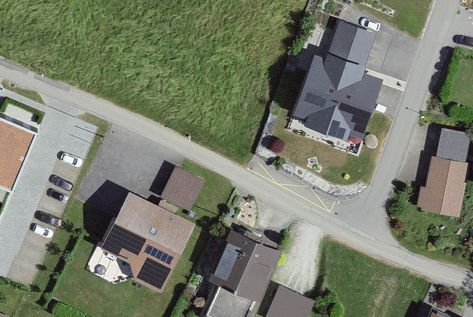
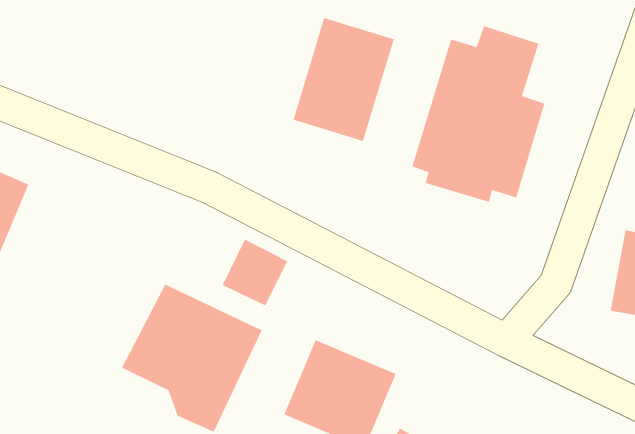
building: none -> [293,17,394,142]

